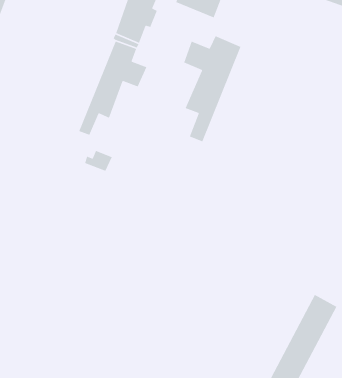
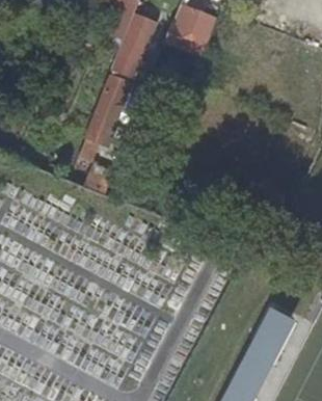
building: [183,35,241,143] -> none

